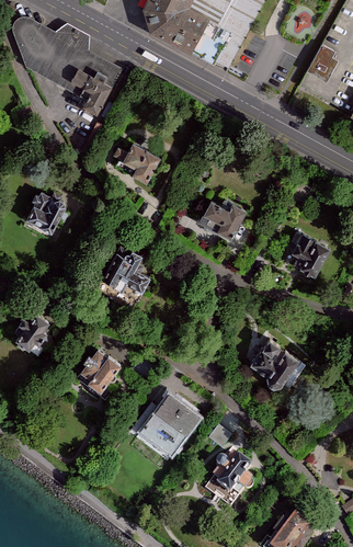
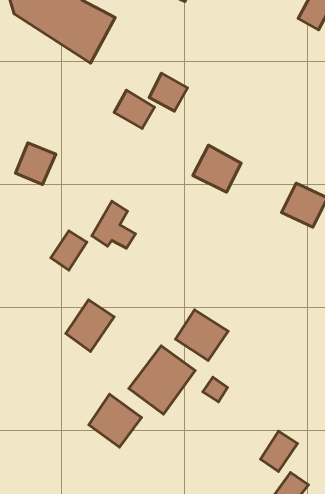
building: none -> [149,73,188,111]
building: [16,312,52,351] -> [51,231,87,270]
building: [249,335,300,385] -> [176,310,228,360]
building: none -> [89,394,142,447]
building: [215,457,251,497] -> [261,431,298,471]

